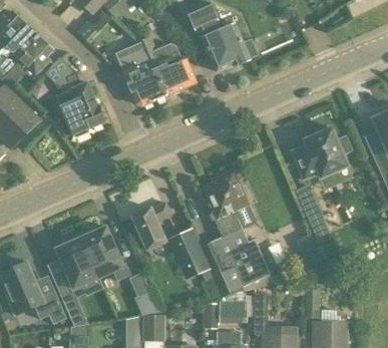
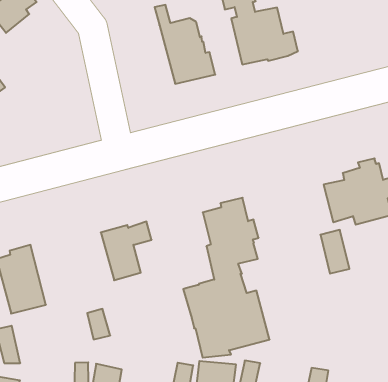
building: [115,38,167,104] -> none
building: [44,56,104,135] -> none
building: [79,226,129,279] -> none
building: [166,227,210,279] -> none

